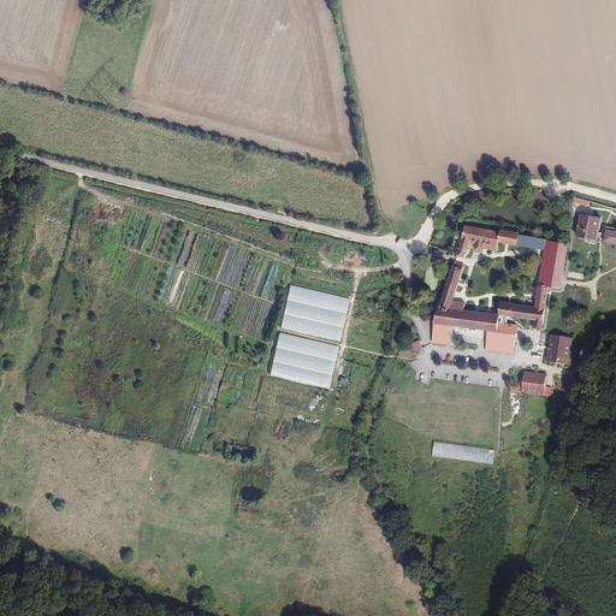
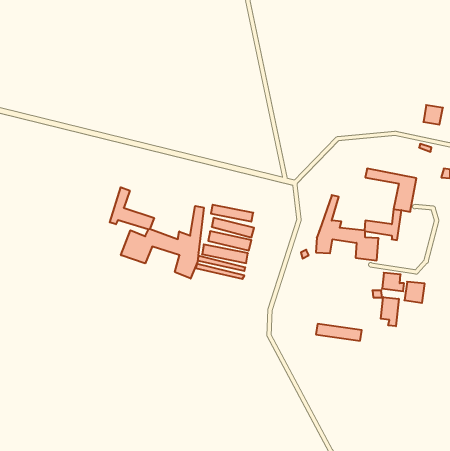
building: [575,213,602,239] -> [423,105,443,125]
building: [456,225,500,257] -> none
building: none -> [110,187,204,279]
building: [545,336,573,365] -> [404,282,425,303]
building: none -> [381,297,399,326]

